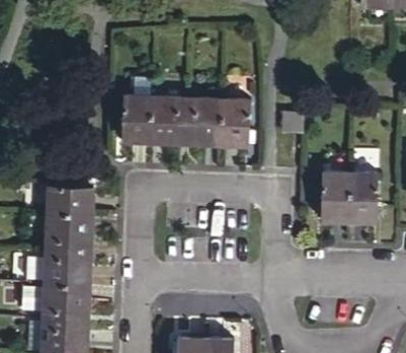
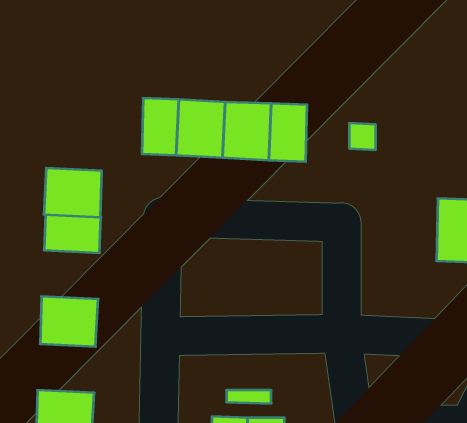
building: [321,172,350,221] -> none
building: [47,213,91,251] -> [44,168,102,217]
building: [44,285,88,323] -> none

